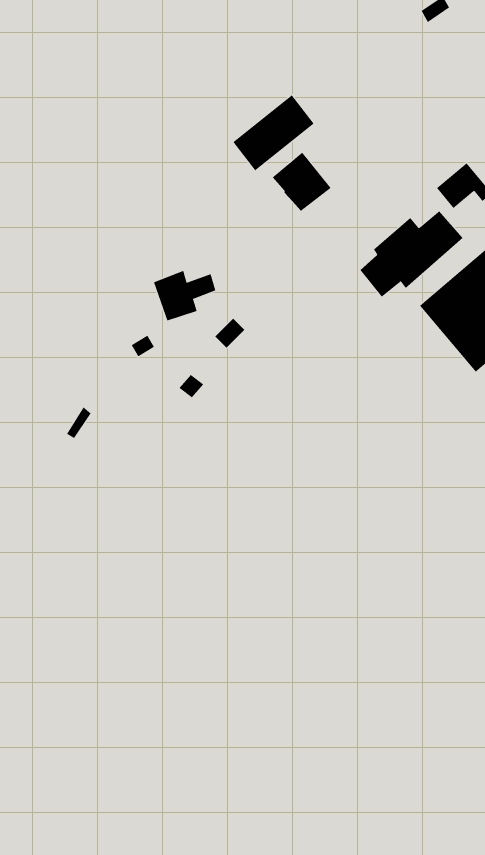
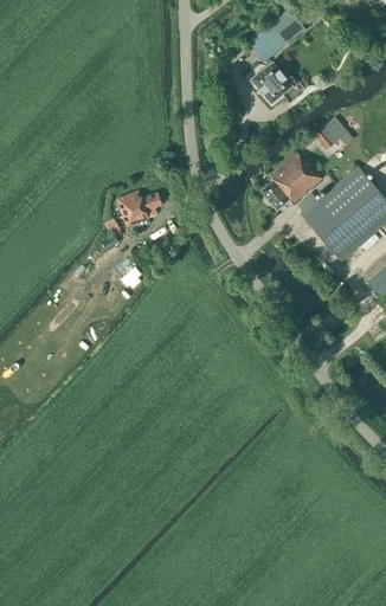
building: [233,94,314,171] -> [249,8,305,62]
building: [272,152,331,212] -> [252,62,294,103]

